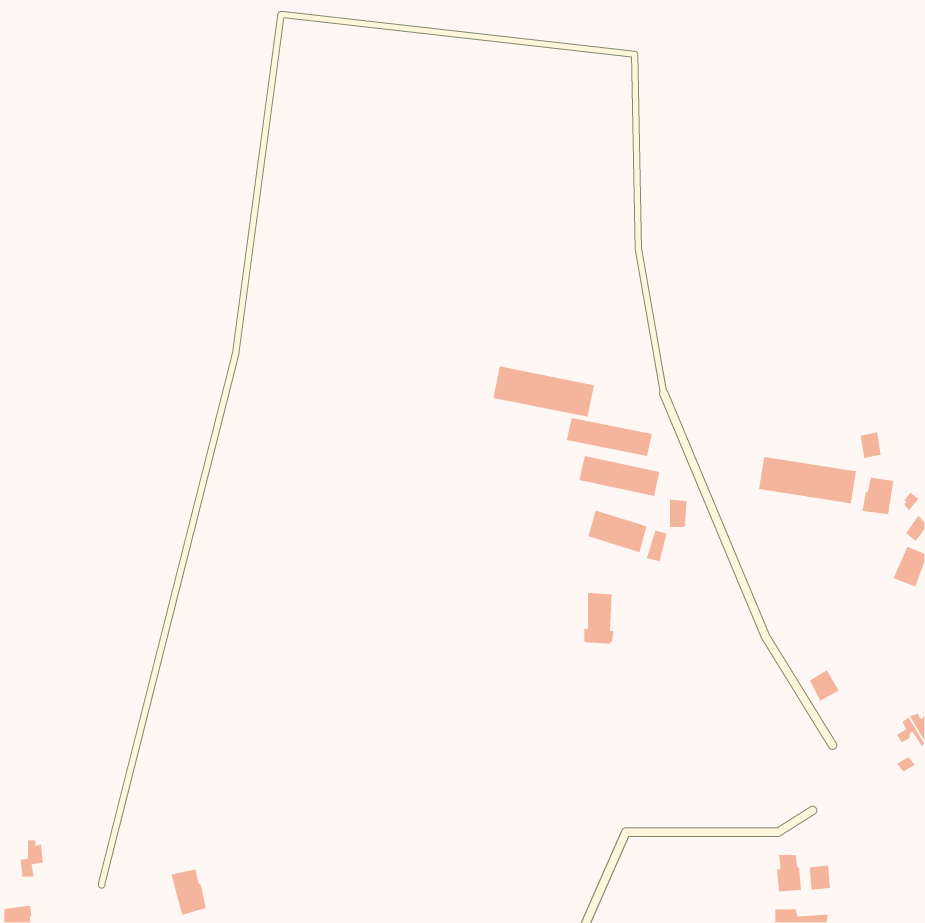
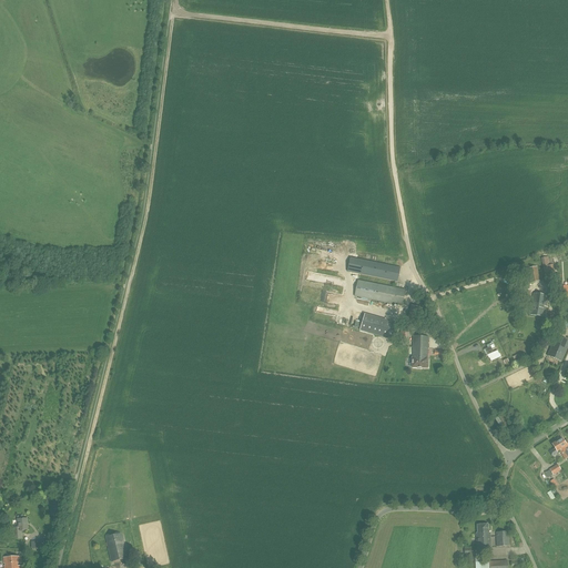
building: [492,366,595,418] -> none
building: [758,456,857,504] -> none
building: [584,592,614,645] -> [409,334,428,366]

